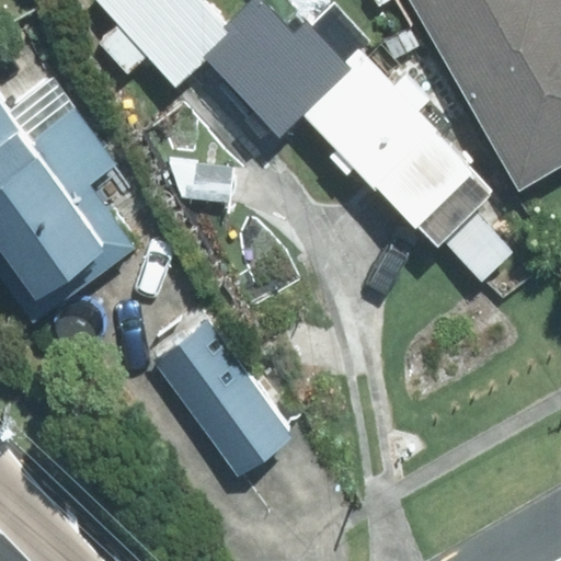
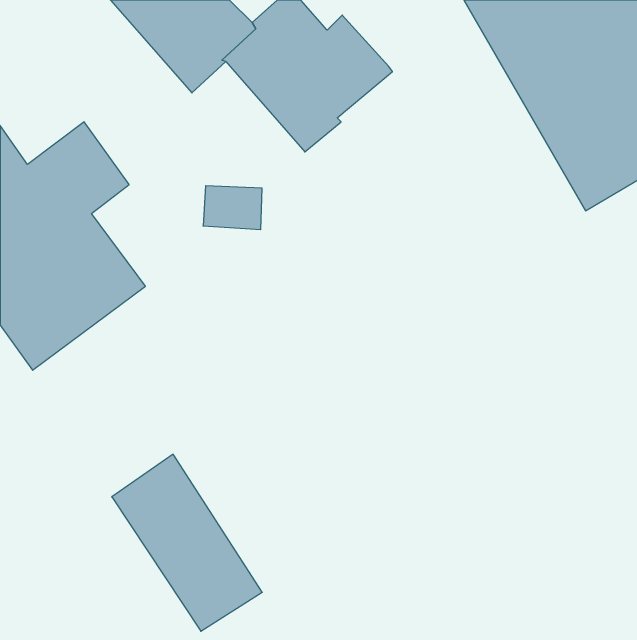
building: [298,45,465,224] -> none
building: [156,316,287,470] -> [112,454,262,631]

